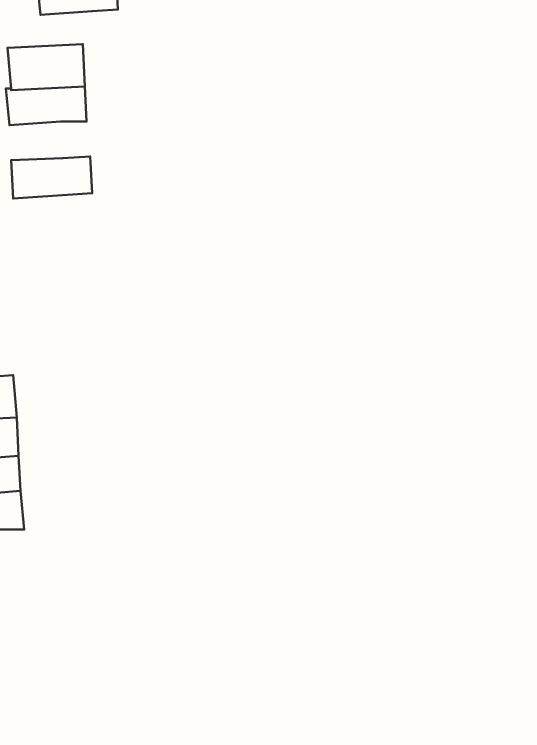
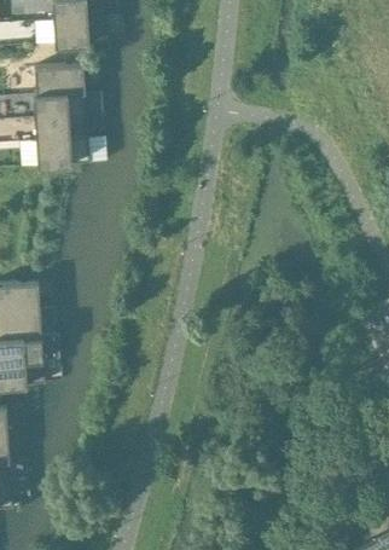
building: none -> [35,114,88,139]

